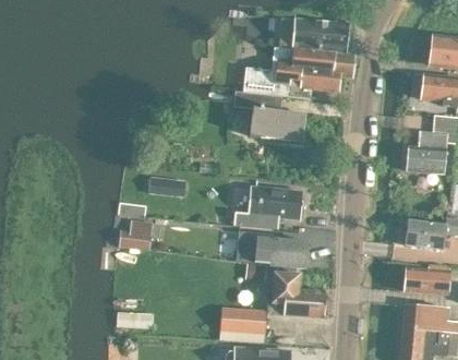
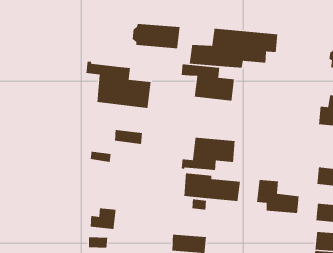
building: [287,20,348,52] -> [132,23,181,49]
building: none -> [85,61,152,109]
building: [118,219,152,248] -> [90,207,117,230]
building: [268,272,323,315] -> [256,179,300,214]

